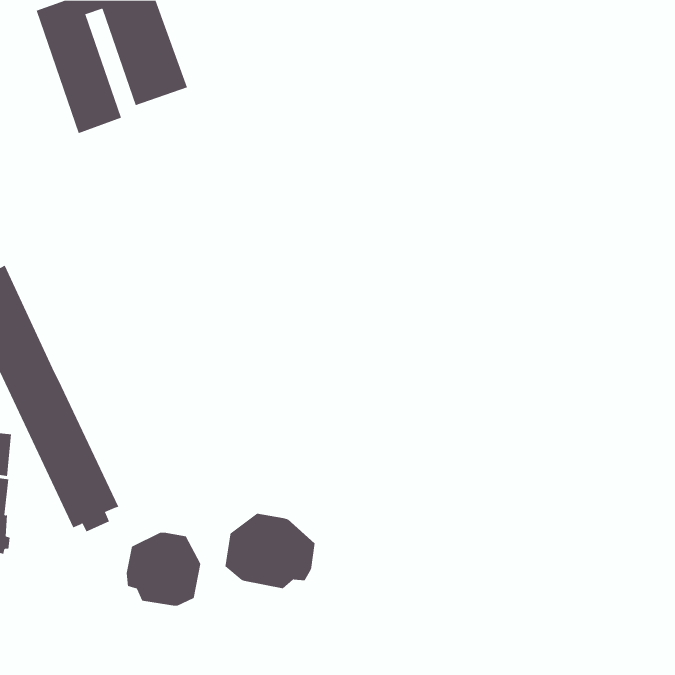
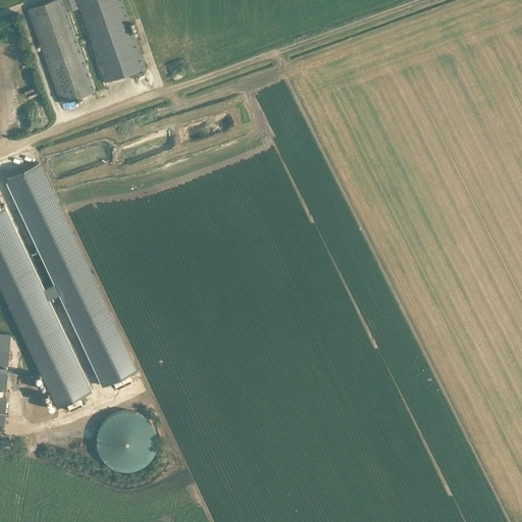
building: none -> [4,162,137,387]
building: [225,513,315,589] -> none

